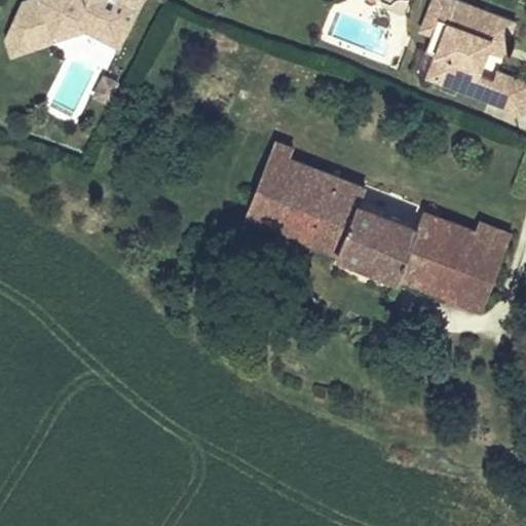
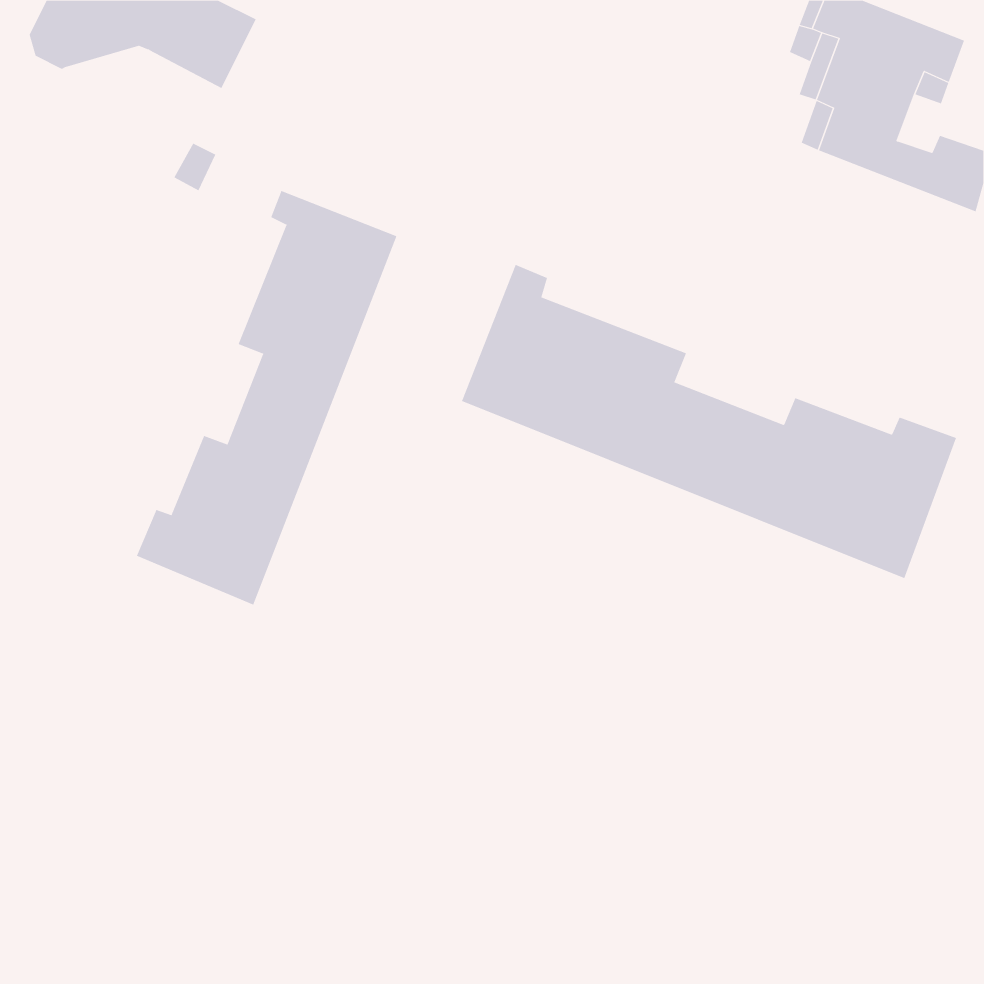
building: [6,20,79,54] -> none
building: none -> [136,190,397,605]

